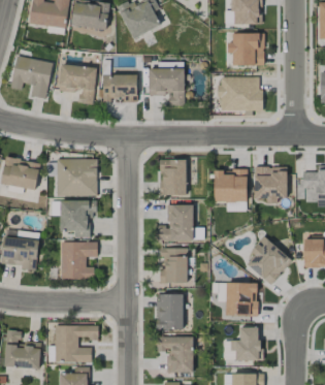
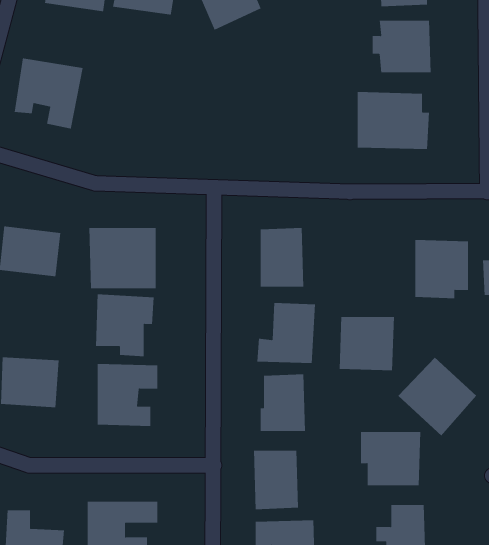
building: [58,65,96,104] -> none
building: [149,68,185,105] -> none
building: [102,74,137,102] -> none
building: [214,169,248,202] -> [339,316,395,371]

